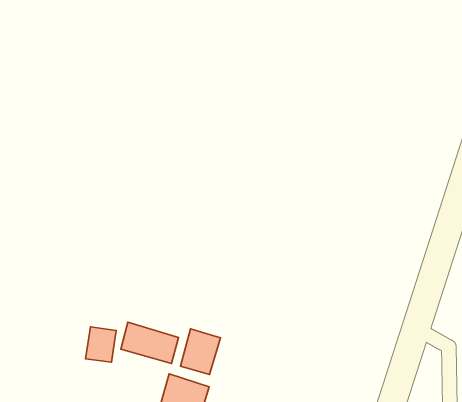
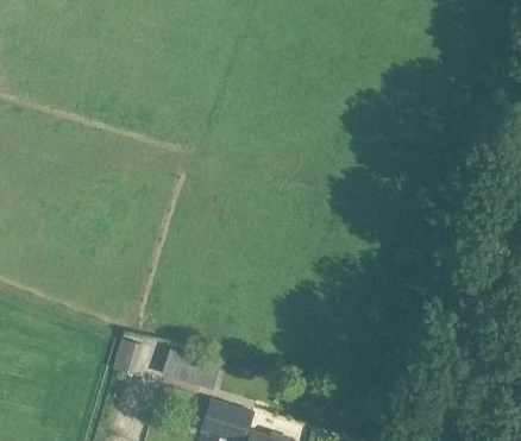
building: [181,329,220,375] -> none

